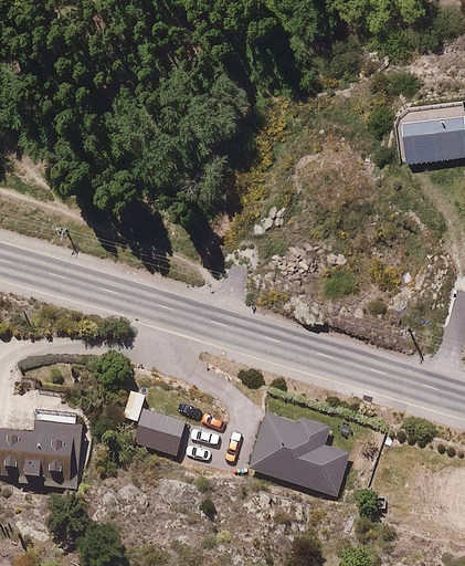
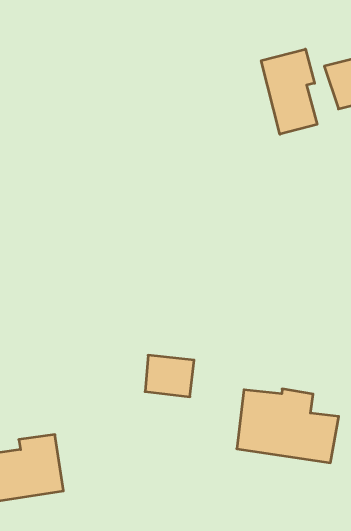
building: none -> [261,49,317,134]
building: [134,409,186,455] -> [145,355,194,397]

